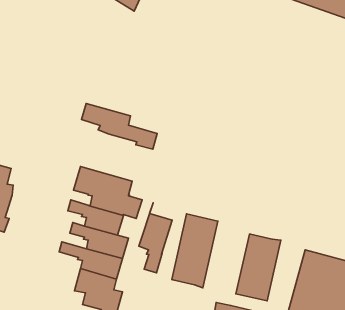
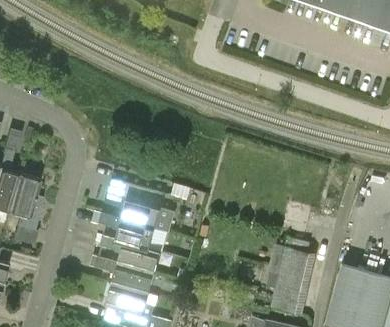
building: [82,103,157,149] -> none
building: [139,203,172,273] -> none
building: [172,214,218,288] -> none

